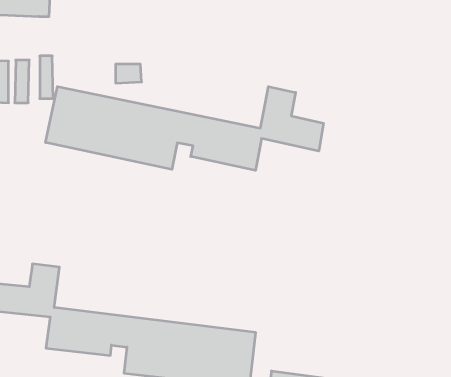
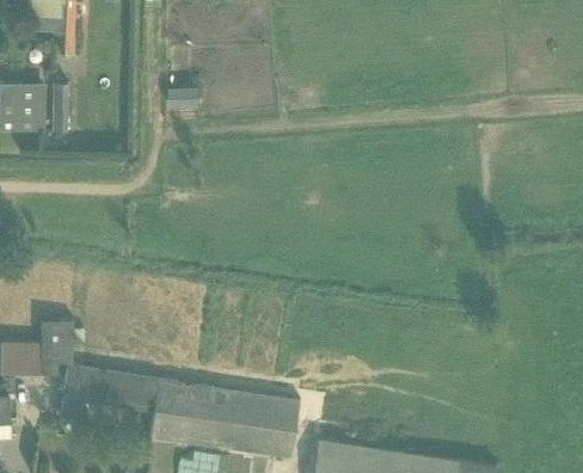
building: [46,87,323,170] -> none

